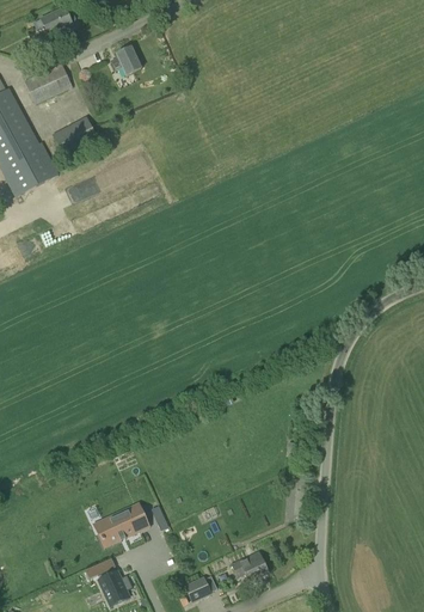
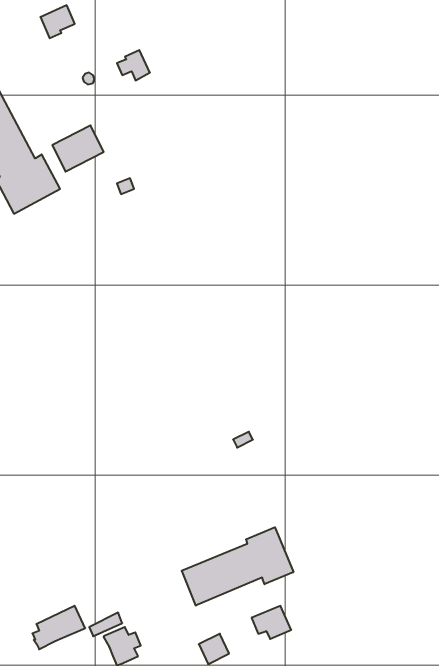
building: [24,63,72,104] -> none
building: none -> [182,527,293,606]
building: [99,506,147,545] -> [32,606,85,649]

